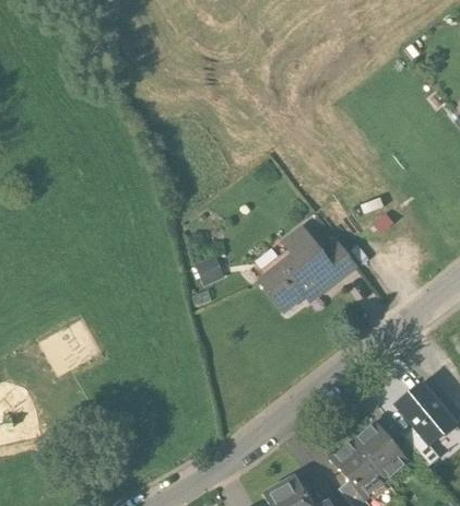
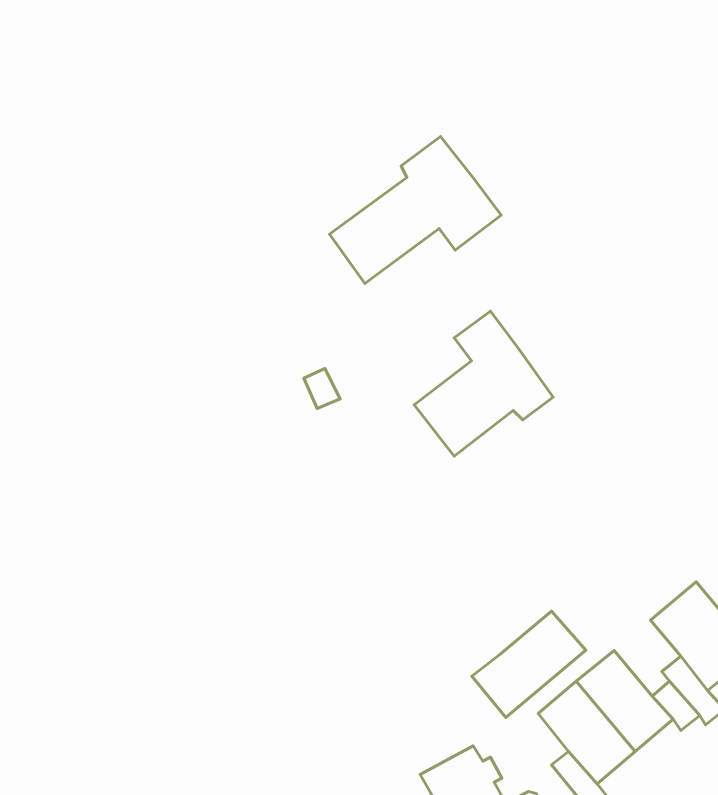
building: none -> [329,137,501,284]
building: [321,236,357,275] -> none
building: none -> [472,611,586,717]

